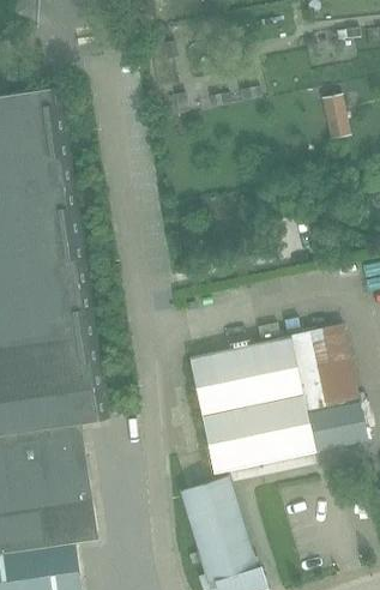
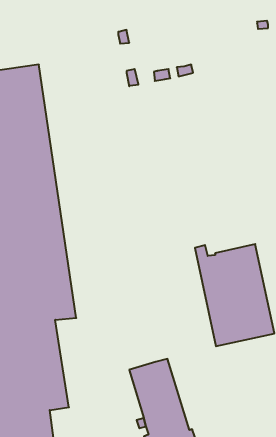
building: [324,97,351,140] -> none
building: [191,329,292,474] -> none

